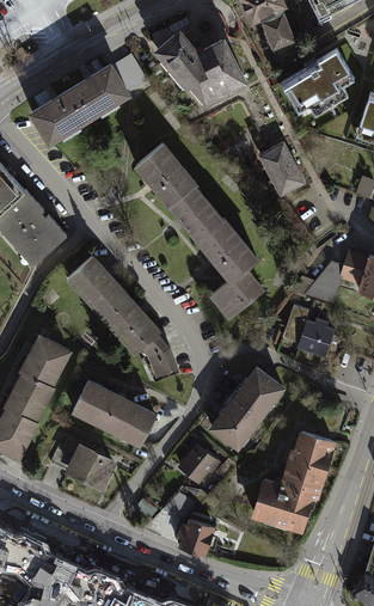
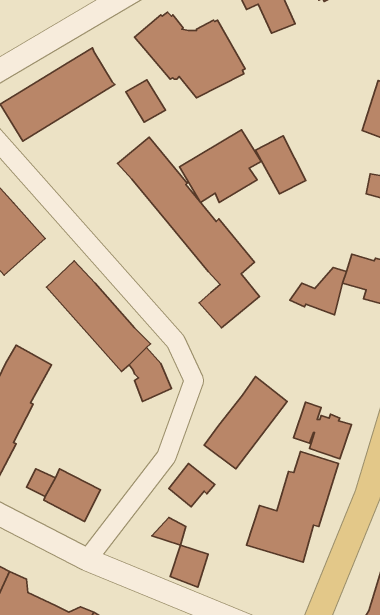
building: [281,51,355,117] -> [180,130,261,202]
building: [112,56,148,94] -> [126,80,165,122]
building: [281,306,333,357] -> [294,402,352,459]
building: [73,381,158,447] -> none

